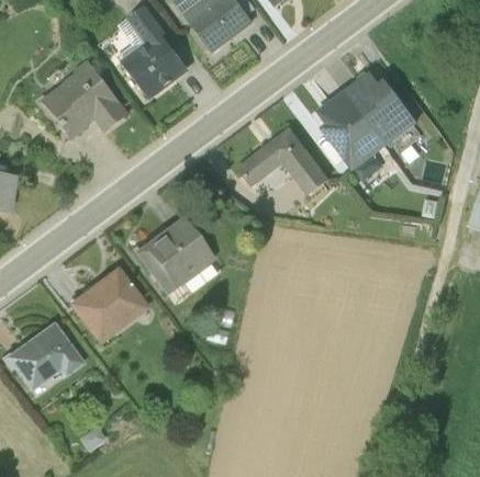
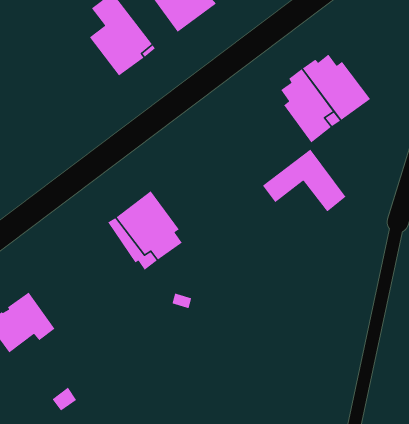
building: [40,59,127,137] -> none
building: [238,128,328,196] -> [262,148,347,213]
building: [71,273,146,343] -> none

